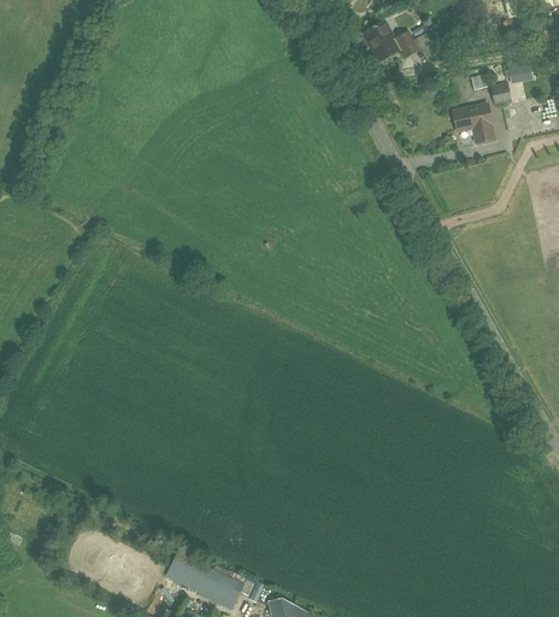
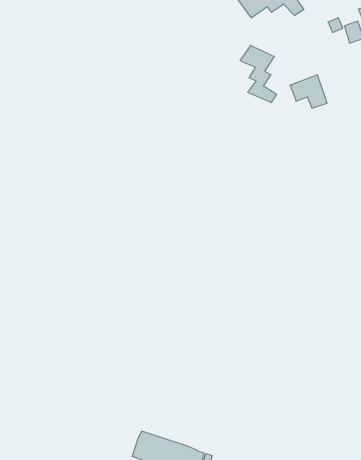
building: none -> [240,45,276,103]
building: [452,102,494,142] -> [290,75,327,108]

